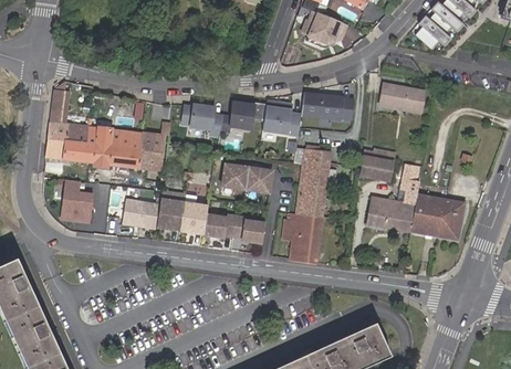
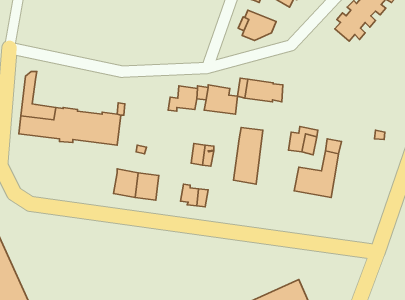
building: [383,83,426,112] -> none
building: [182,103,223,135] -> none
building: [222,165,251,191] -> none
building: [61,178,94,223] -> none
building: [411,192,466,239] -> none
building: [123,197,161,229] -> none
building: [281,211,324,262] -> none
building: [207,214,239,236] -> none

